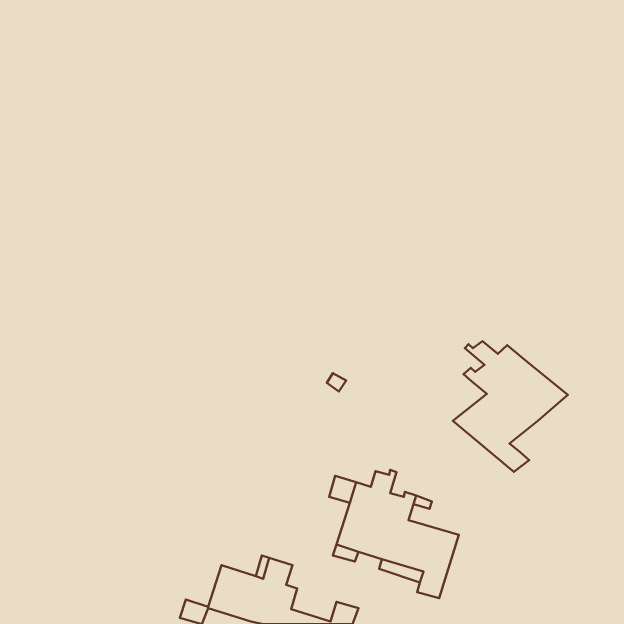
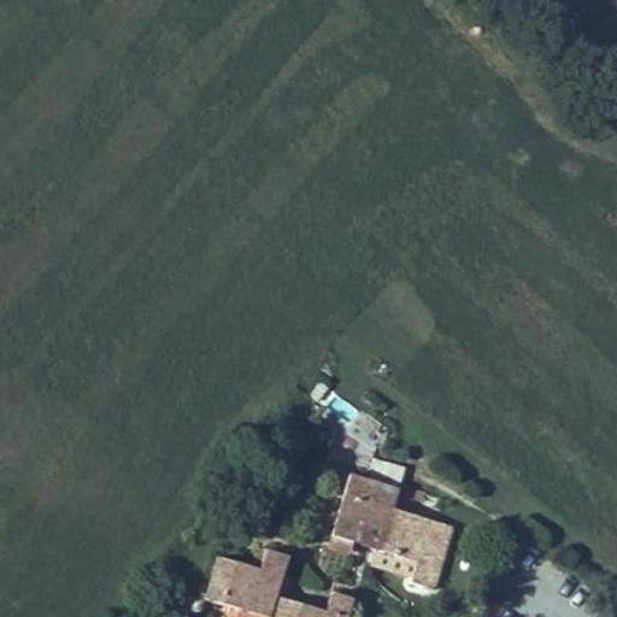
building: [453,341,568,472] -> none

